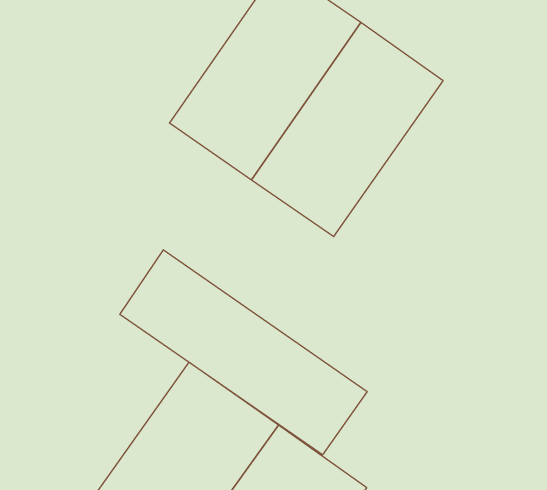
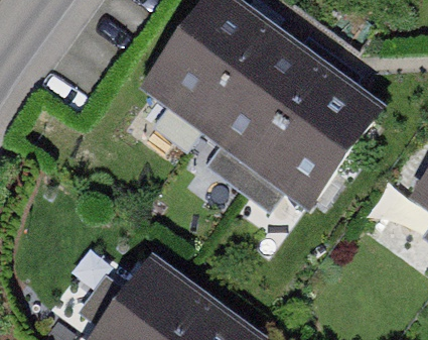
building: none -> [250,63,379,207]
building: [120,250,367,455] -> none

